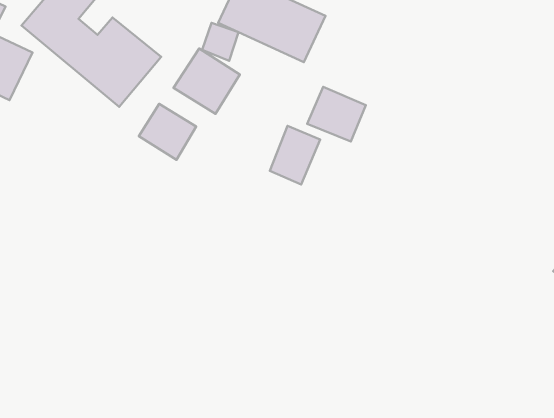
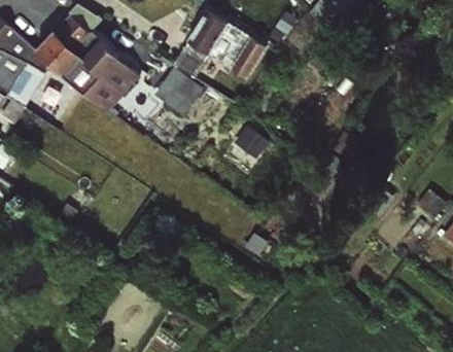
building: [307,87,366,142] -> none
building: [139,104,196,160] -> none

